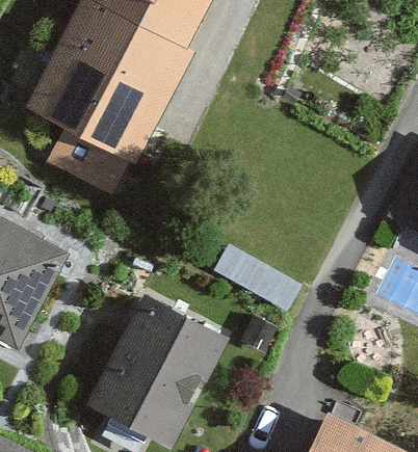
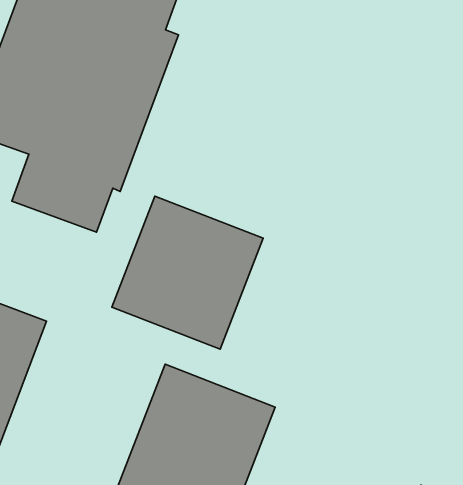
building: none -> [112,196,263,349]

